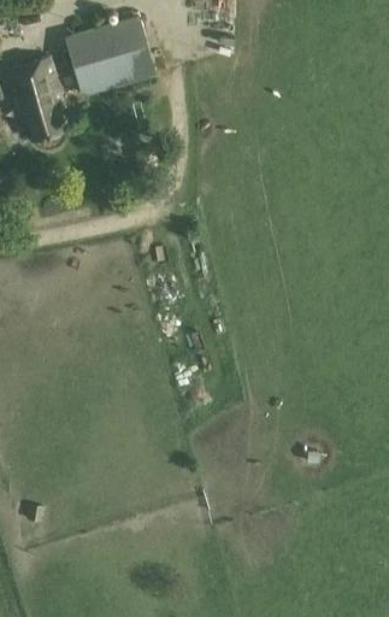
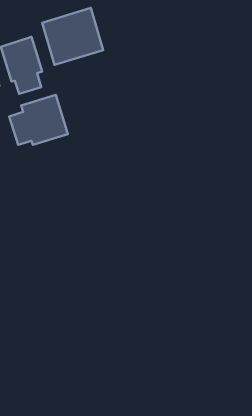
building: none -> [9,95,68,145]

